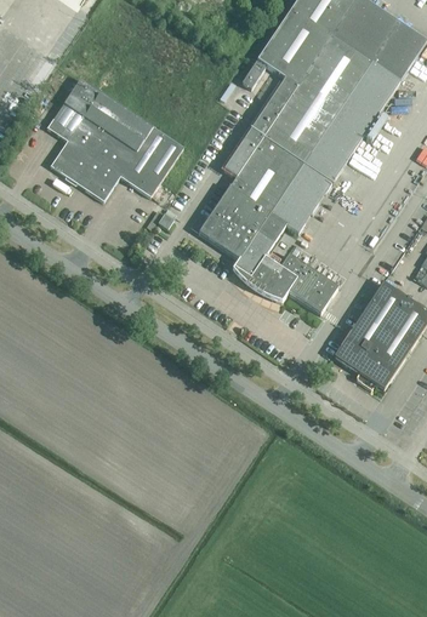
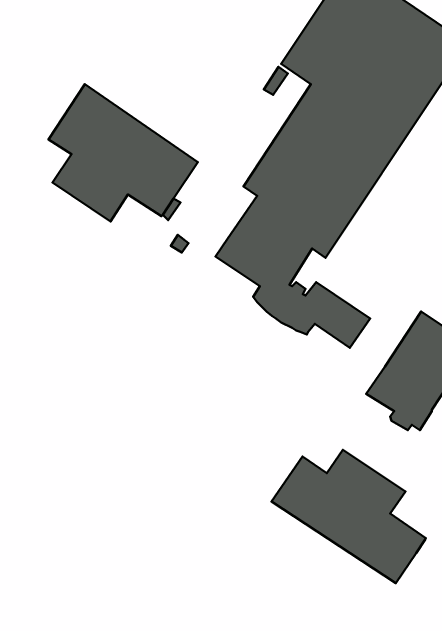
building: none -> [271,450,426,583]

